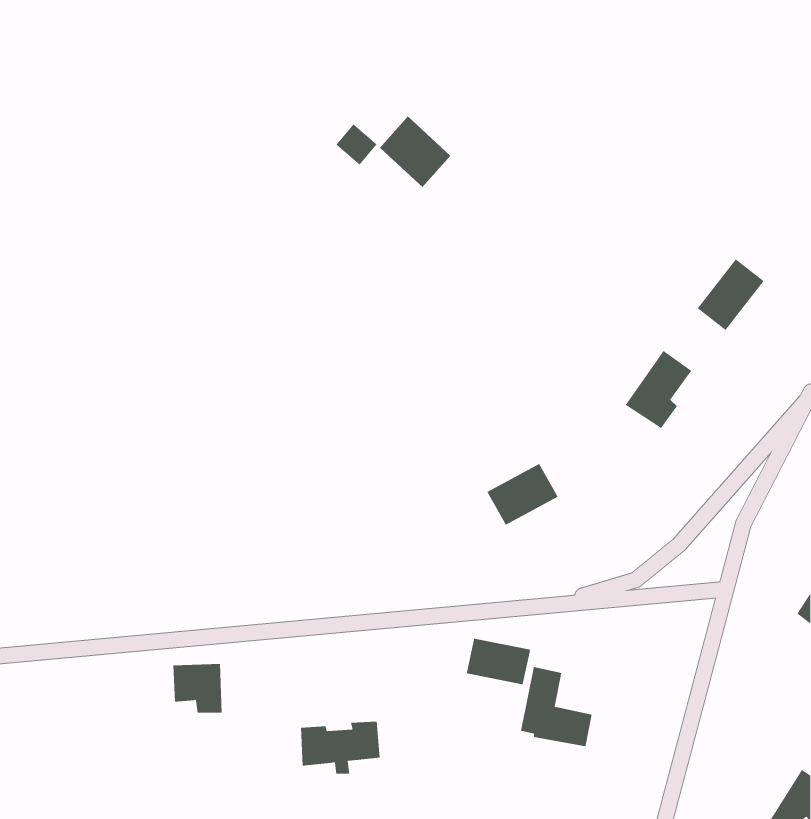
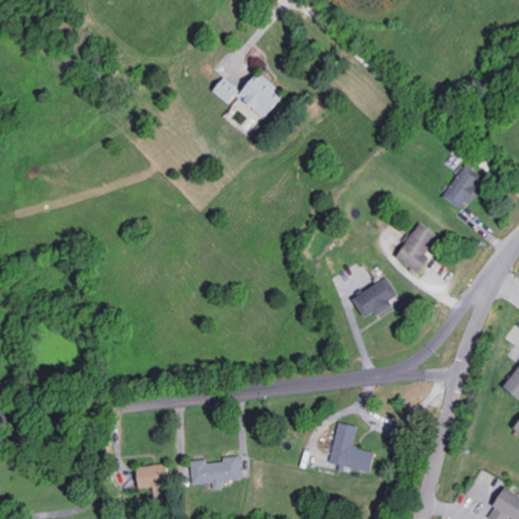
building: [486,463,559,526] -> [352,279,397,318]
building: [466,638,531,685] -> none
building: [173,664,222,713] -> [137,464,168,496]

